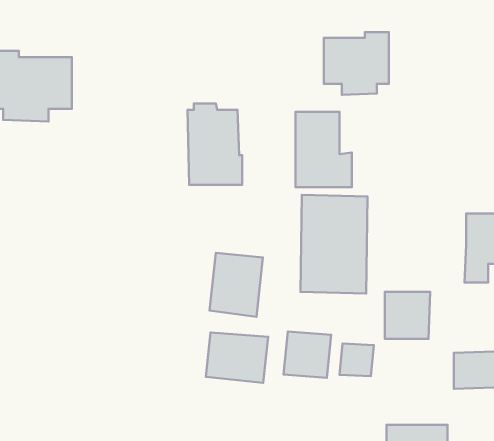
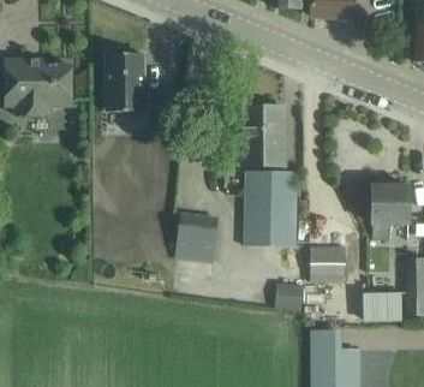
building: [324,32,389,95] -> none
building: [188,103,242,185] -> [104,48,147,111]
building: [284,332,331,378] -> none
building: [206,333,268,383] -> none

